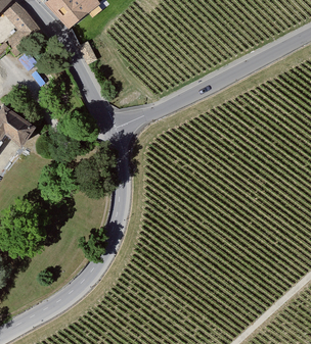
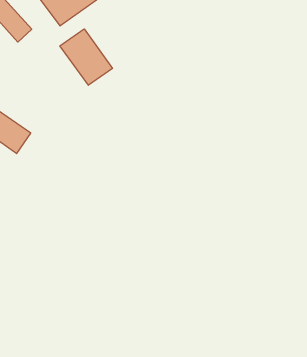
building: none -> [60,29,112,85]

